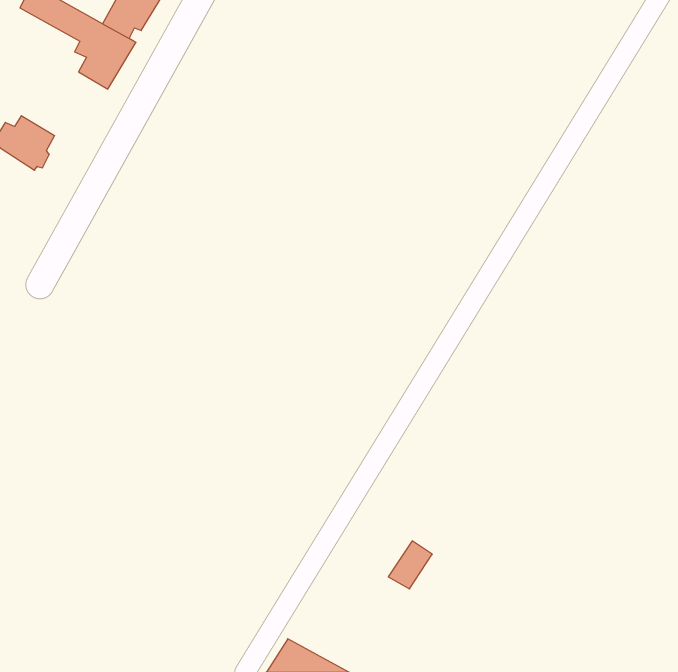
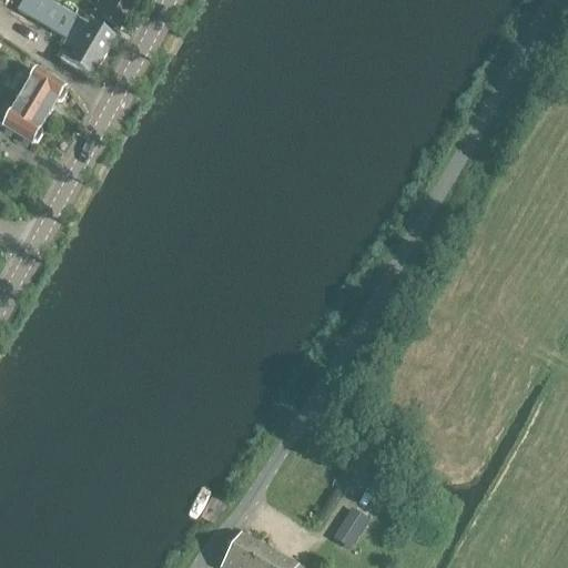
building: none -> [7,68,64,113]
building: [388,541,432,589] -> [331,505,367,545]

